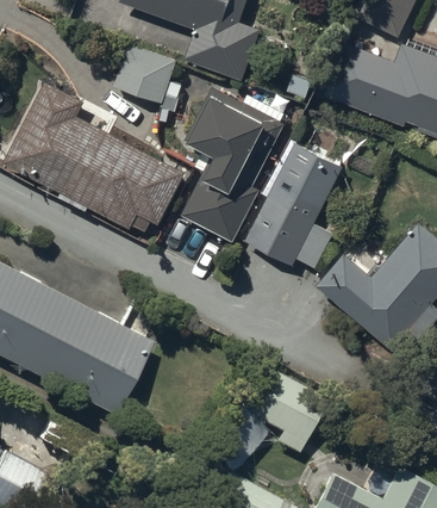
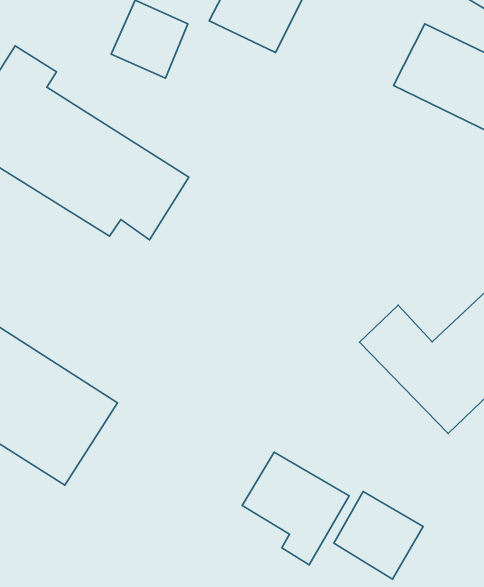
building: [186,93,280,238] -> none
building: [249,147,343,270] -> none
building: none -> [334,492,423,579]

